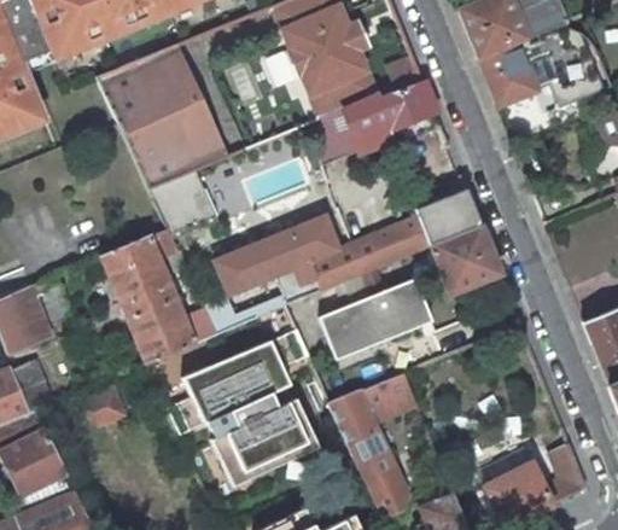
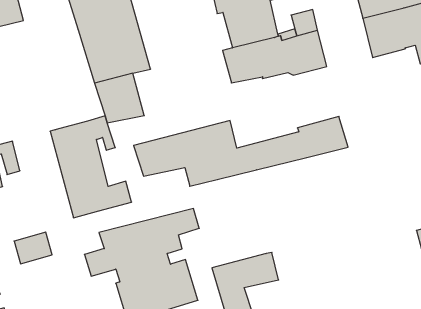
building: [432,226,501,295] -> none
building: [320,279,432,361] -> none

